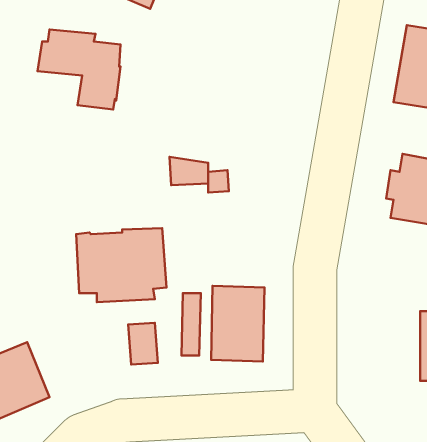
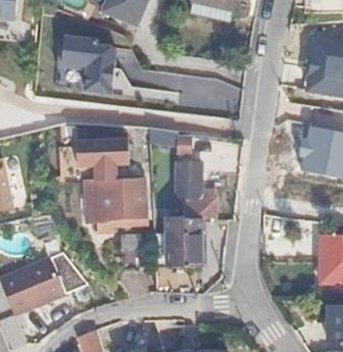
building: none -> [75,136,132,181]
building: none -> [175,161,215,217]
building: none -> [50,250,89,293]

